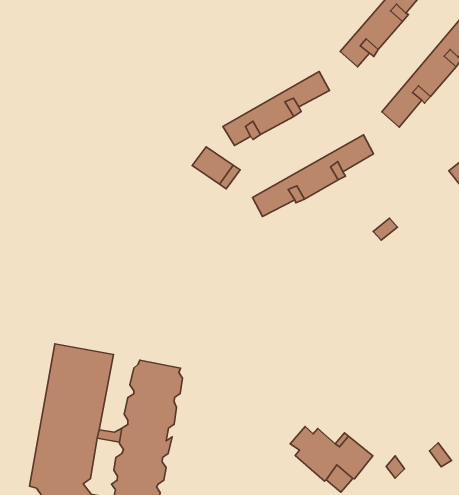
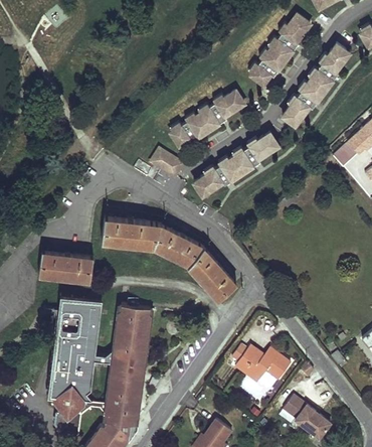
building: none -> [102,215,236,299]
building: none -> [39,251,94,281]

